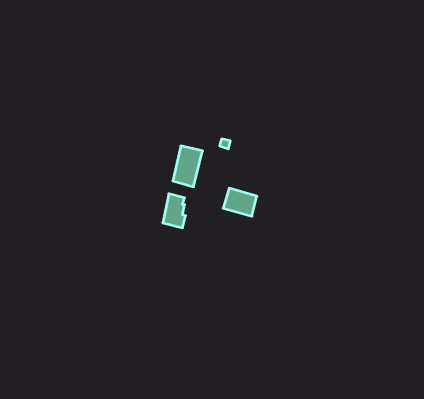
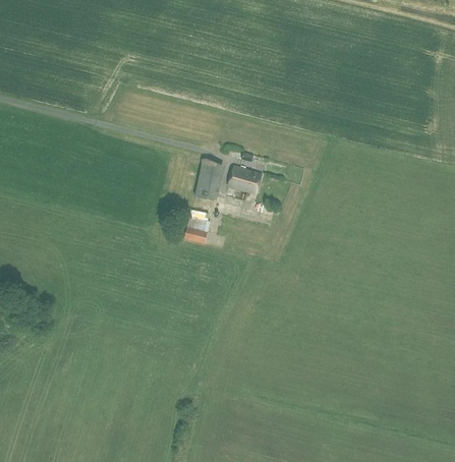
building: [223,188,257,216] -> [227,166,262,194]

